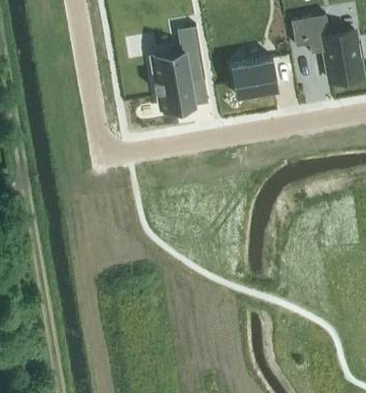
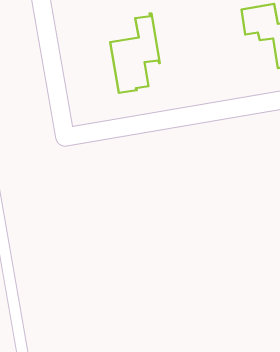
building: [230,57,278,96] -> none

